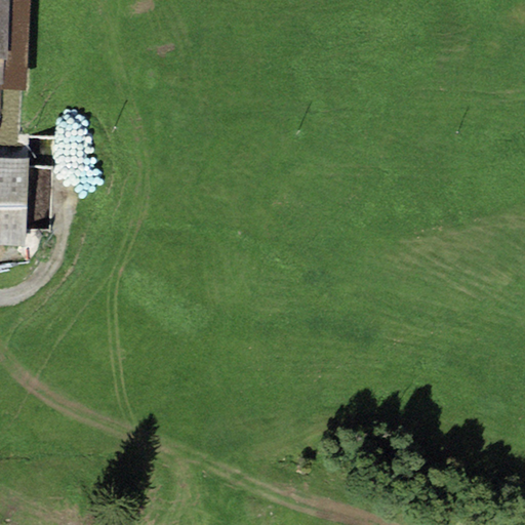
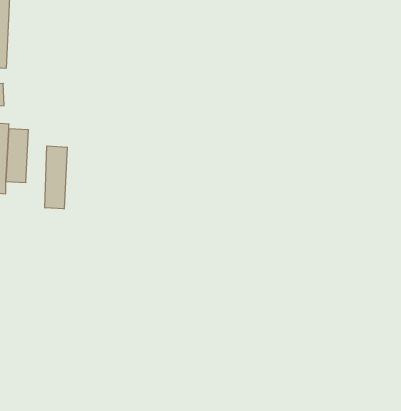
building: none -> [45,146,67,209]

